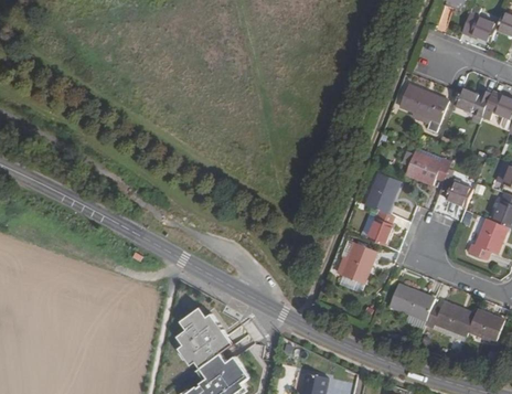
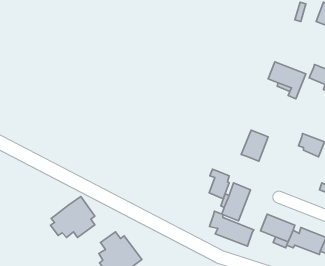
building: [404,151,450,184] -> none
building: [365,207,392,246] -> [209,169,229,199]
building: none -> [51,196,95,238]
building: none -> [209,211,254,246]

